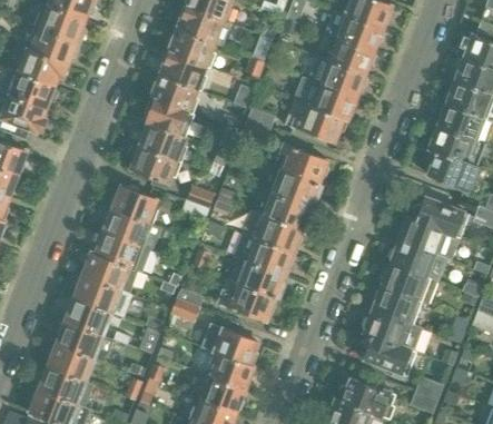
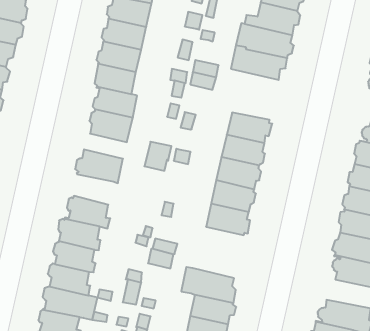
building: [282,144,328,183] -> none
building: [105,209,160,250] -> none
building: [217,279,276,322] -> none

